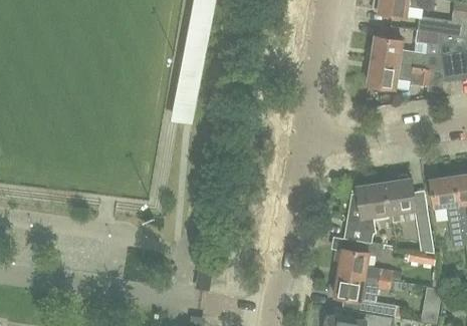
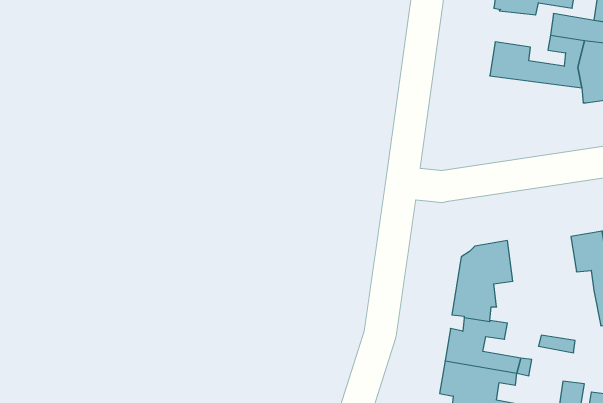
building: [368,60,442,92] -> none
building: [384,174,435,253] -> none

